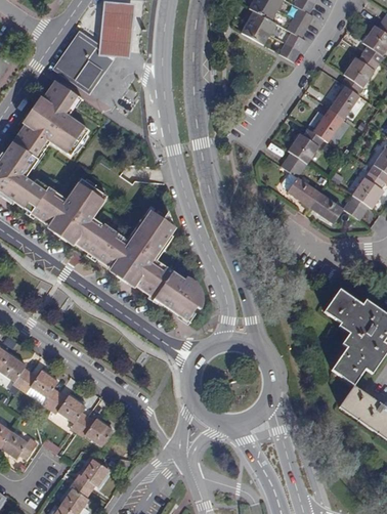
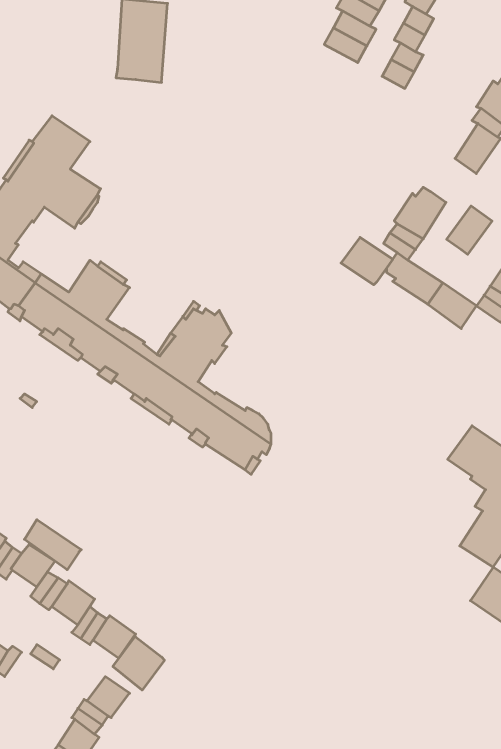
building: [57,37,113,91] -> none
building: [311,110,342,142] -> [447,206,492,254]
building: none -> [341,237,393,285]
building: none -> [24,520,81,570]
building: none -> [113,636,164,690]

